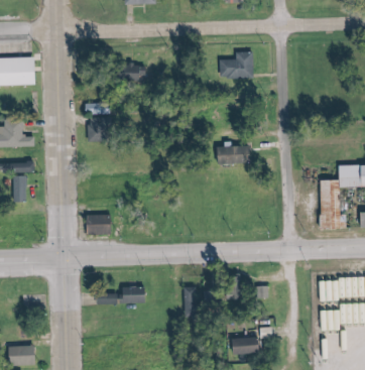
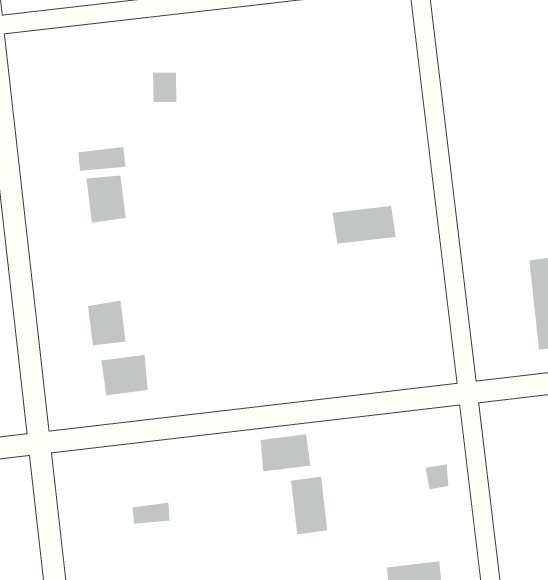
building: [219,51,252,79] -> none
building: none -> [87,300,126,346]
building: [120,286,146,304] -> [260,434,311,472]

